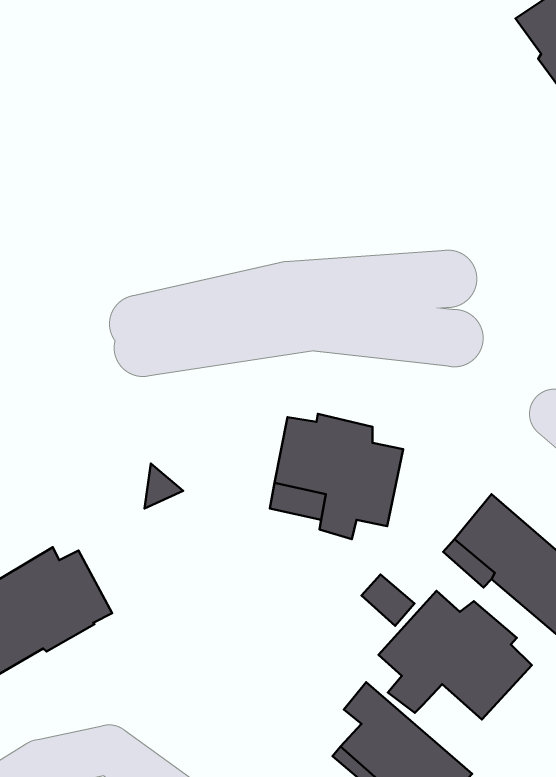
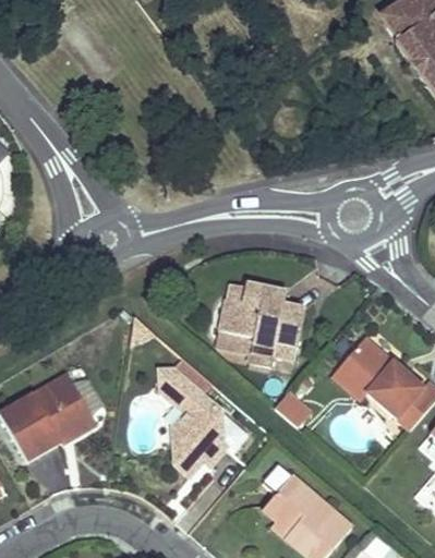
building: none -> [159,368,226,476]
building: [379,591,532,719] -> none

